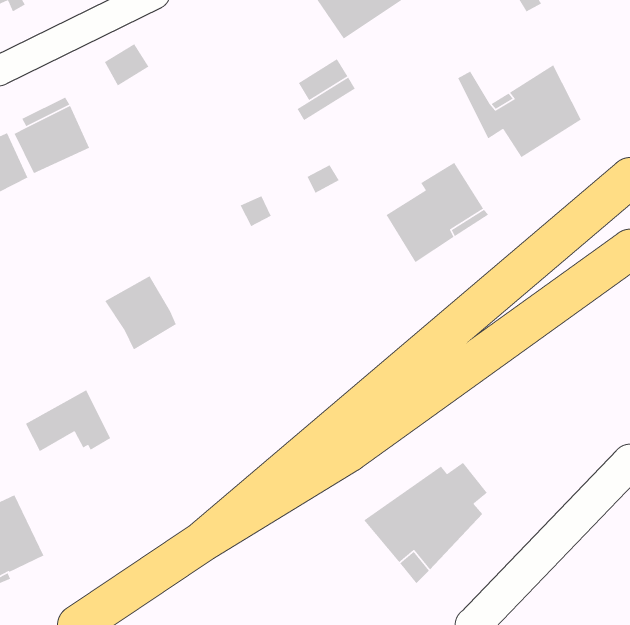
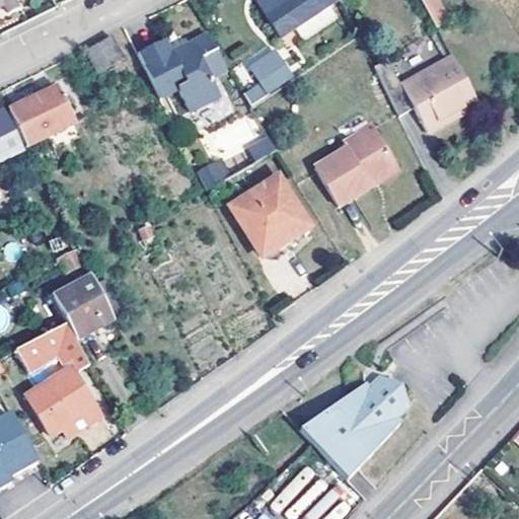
building: none -> [137,31,220,107]
building: none -> [234,175,307,250]
building: [104,275,177,350] -> [55,274,115,336]
building: none -> [23,372,99,443]

